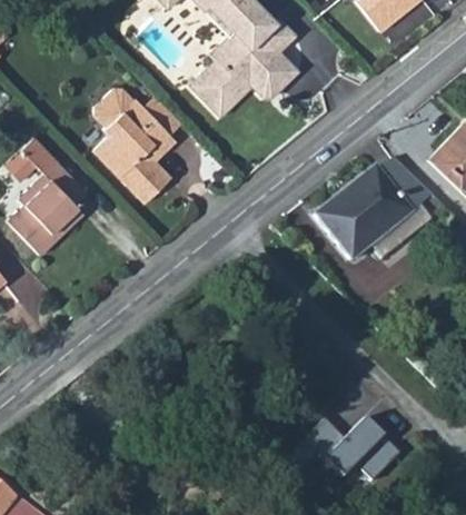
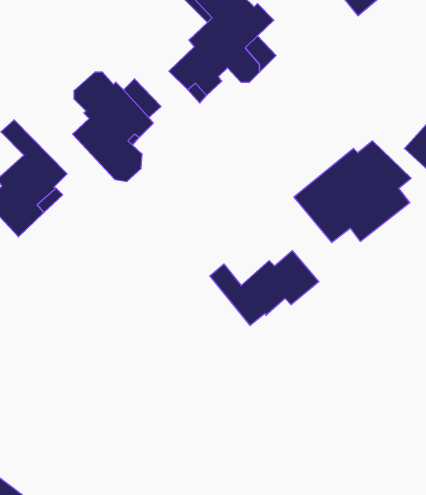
building: none -> [210,251,319,326]
building: [299,416,401,482] -> none

